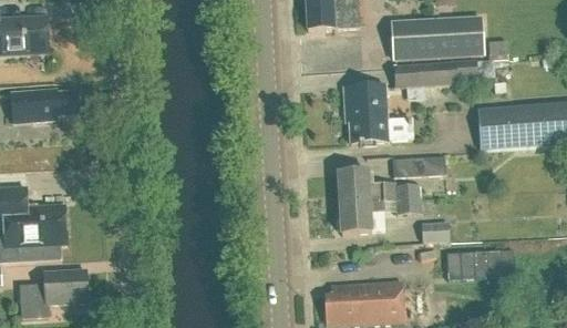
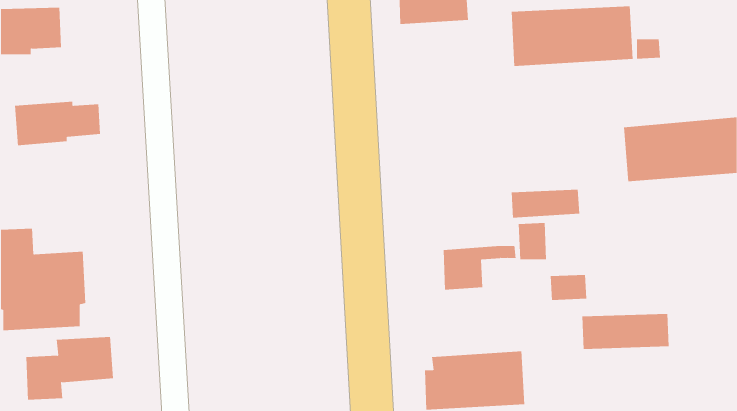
building: [394,60,477,88] -> none
building: [343,84,413,143] -> none
building: [338,170,395,203] -> none

